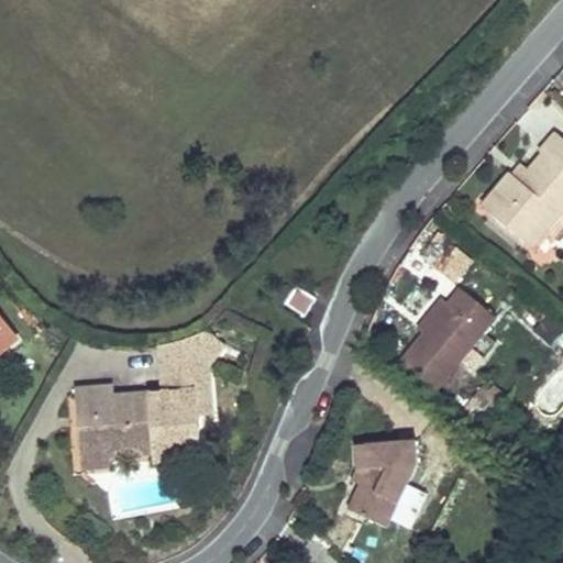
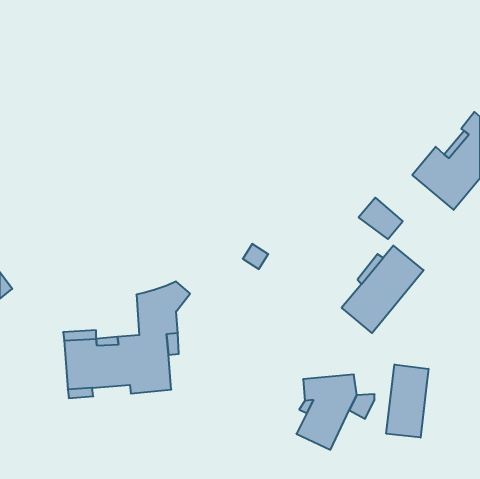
building: none -> [386,364,428,438]

